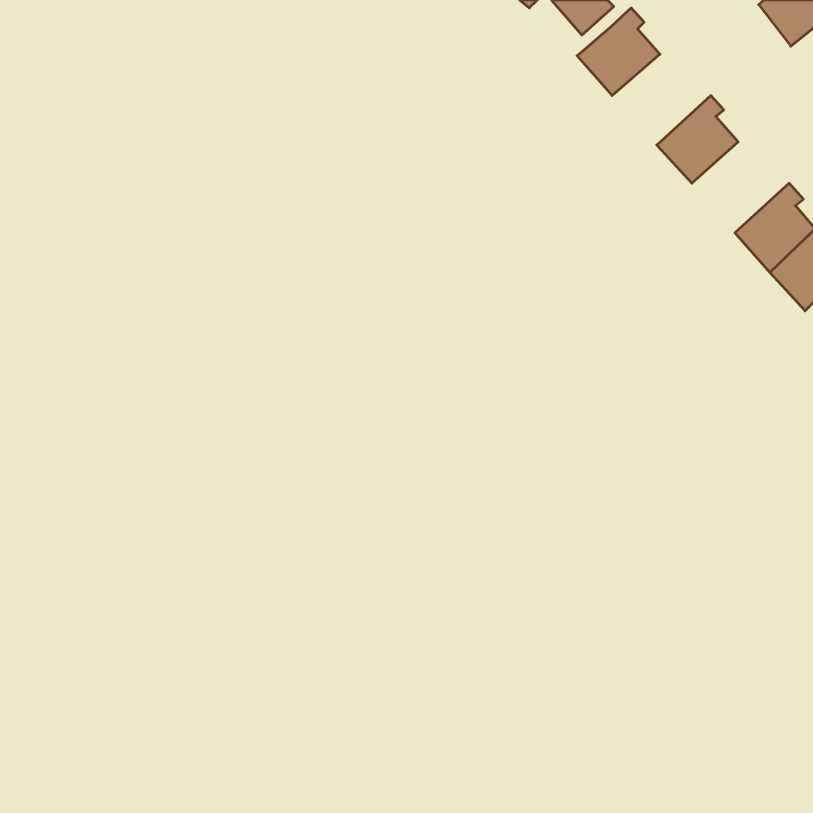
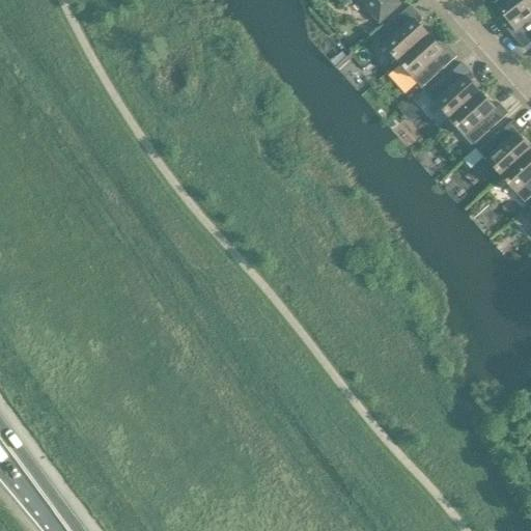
building: none -> [399,36,457,89]
building: none -> [451,93,509,146]

